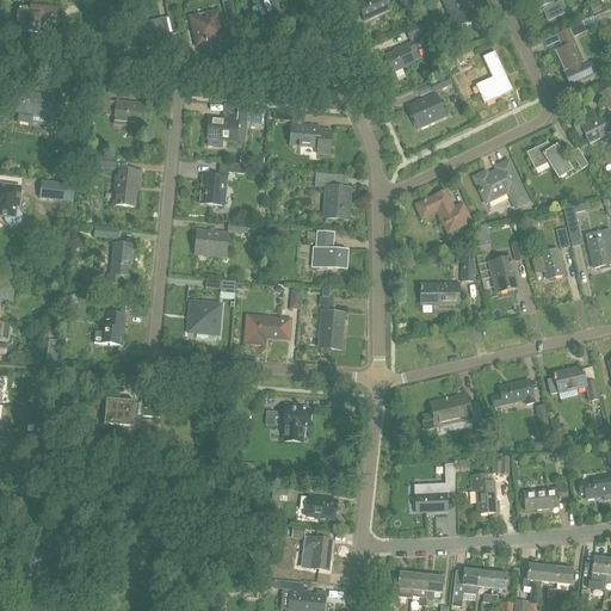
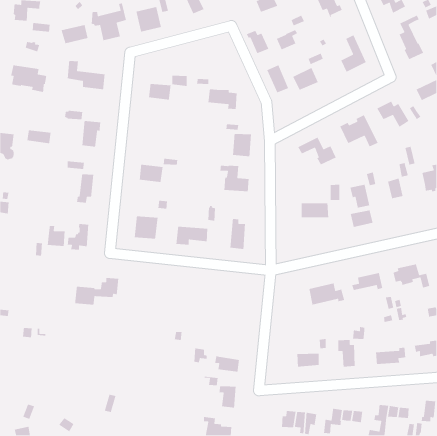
building: none -> [61,24,88,44]
building: none -> [246,30,269,54]
building: none -> [266,64,289,94]
building: [199,160,245,204] -> none
building: none -> [350,209,373,228]
building: none -> [47,225,65,247]
building: [265,402,309,439] -> none

